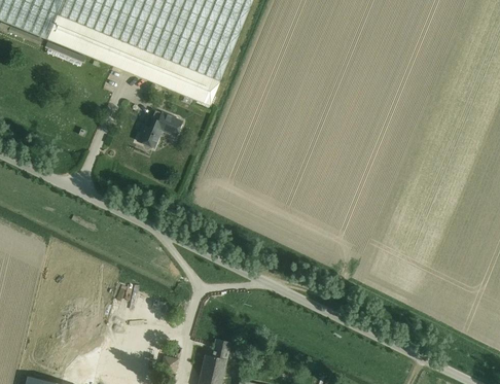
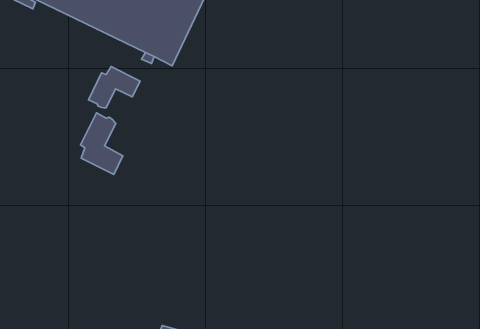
building: none -> [81,113,123,174]

